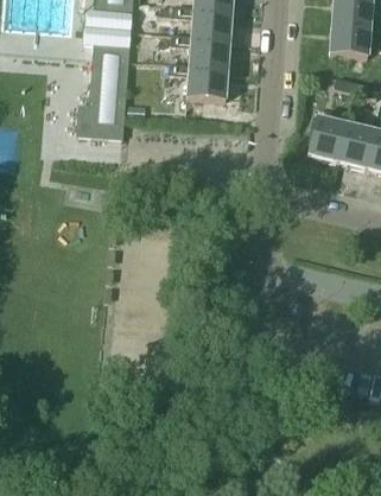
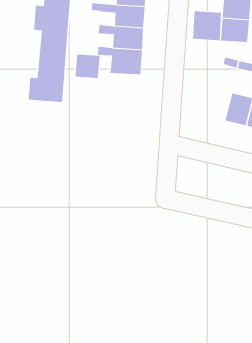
building: none -> [193,10,222,41]
building: none -> [75,54,100,79]
building: [309,117,347,161] -> none

